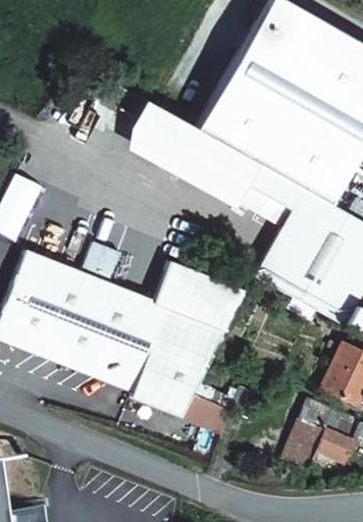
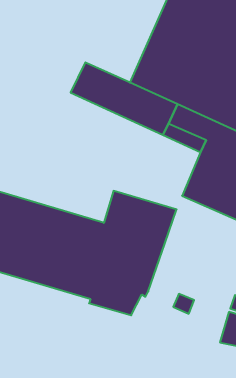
building: [177,393,229,433] -> none

